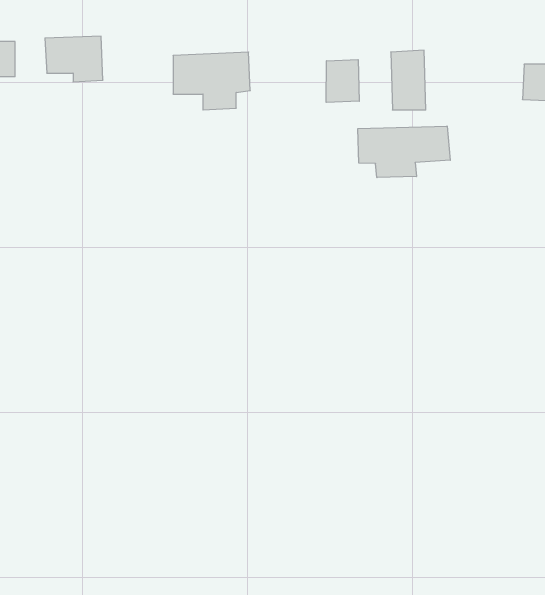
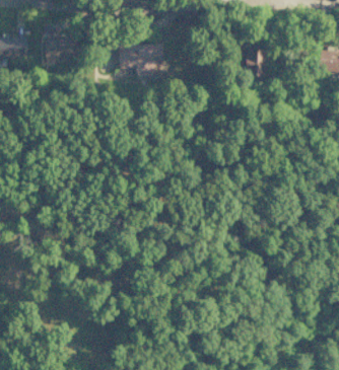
building: [326,60,359,102] -> none
building: [358,126,450,178] -> none

